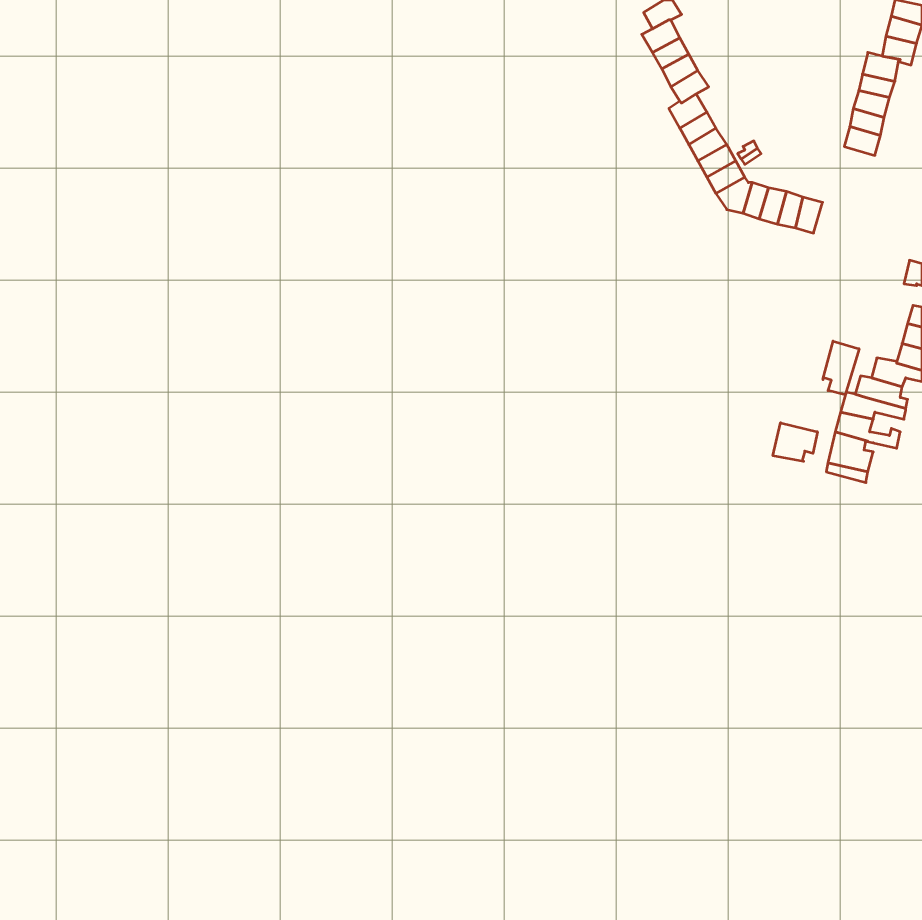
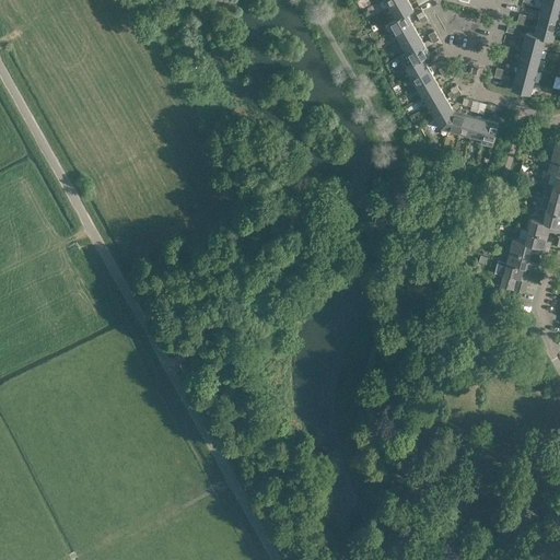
building: [823,341,859,395] -> none
building: [773,423,817,461] -> none

